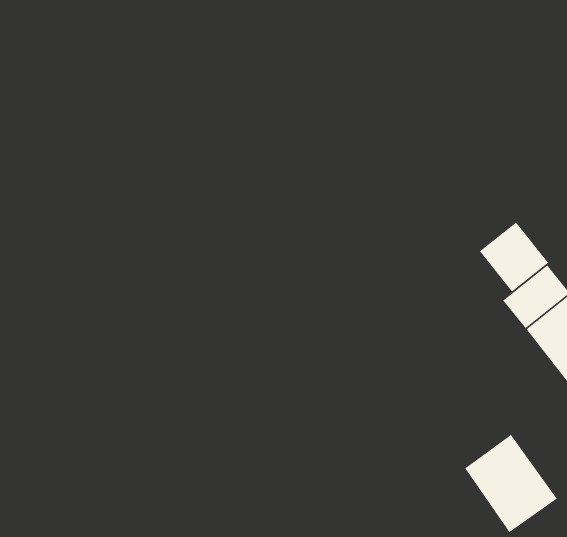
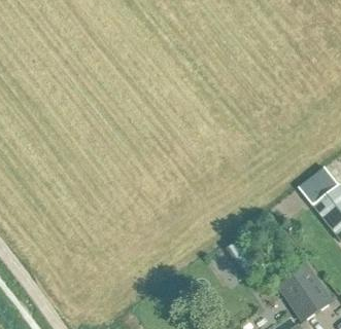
building: [479,222,549,292] -> none

